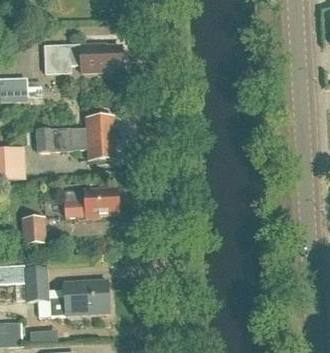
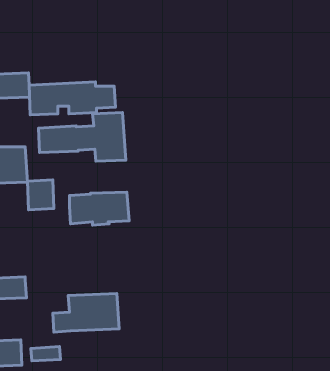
building: [44,42,123,72] -> [29,82,115,115]
building: [21,216,45,243] -> [27,180,54,210]
building: [24,267,48,300] -> none

